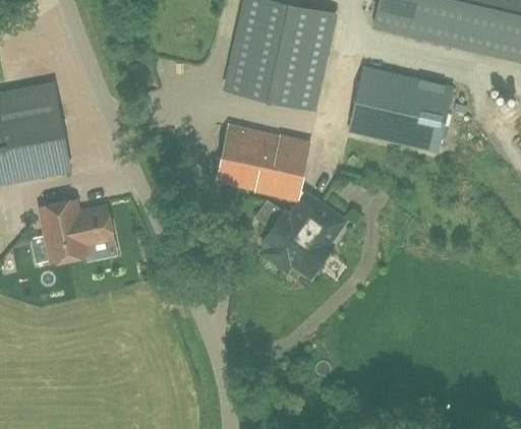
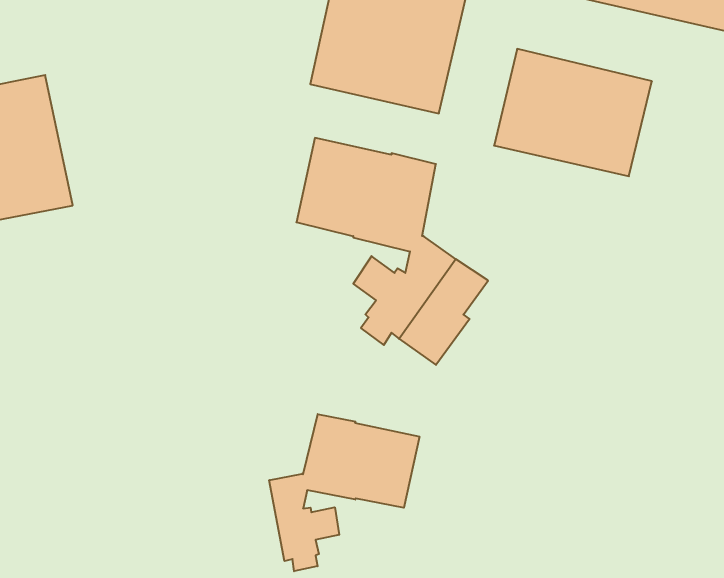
building: [40,201,113,262] -> none
building: none -> [269,414,419,571]

